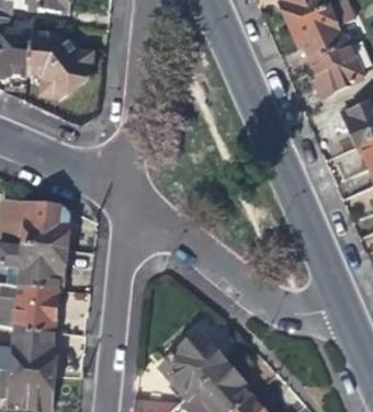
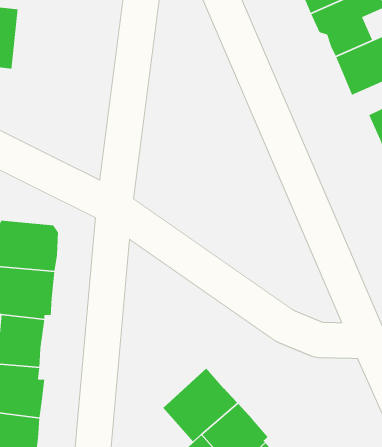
building: [29,31,93,96] -> none

